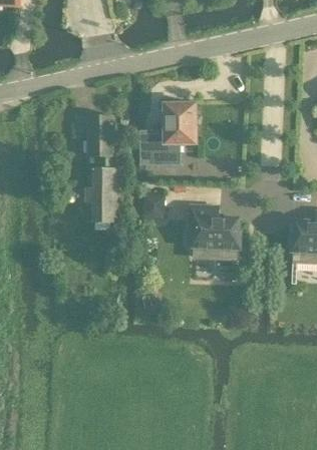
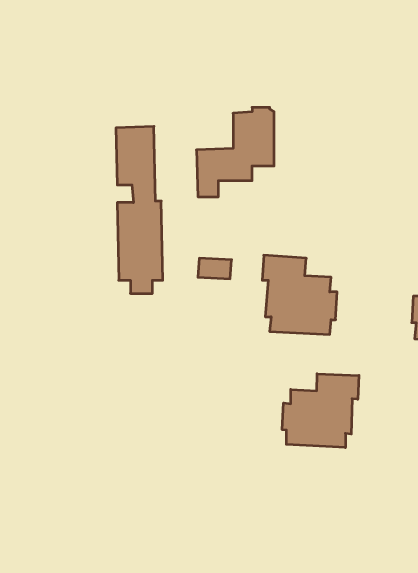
building: none -> [282,374,359,448]

